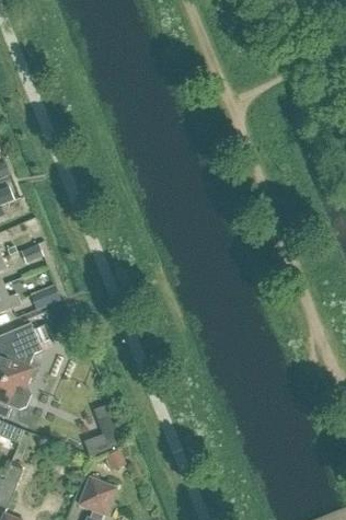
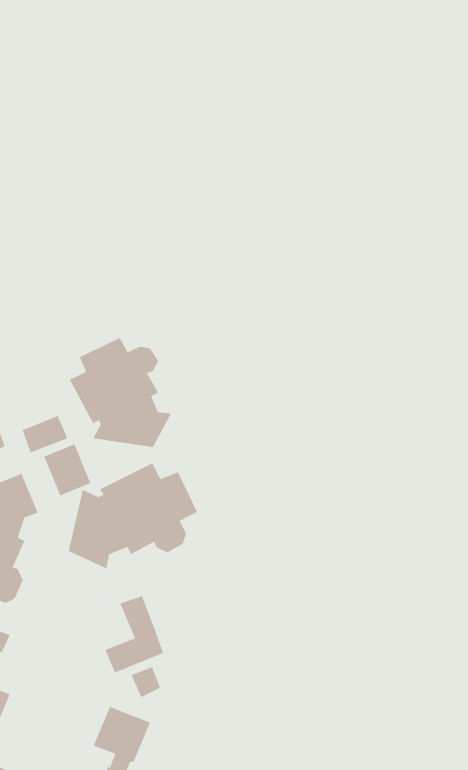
building: none -> [69,337,172,448]
building: none -> [68,463,198,569]

